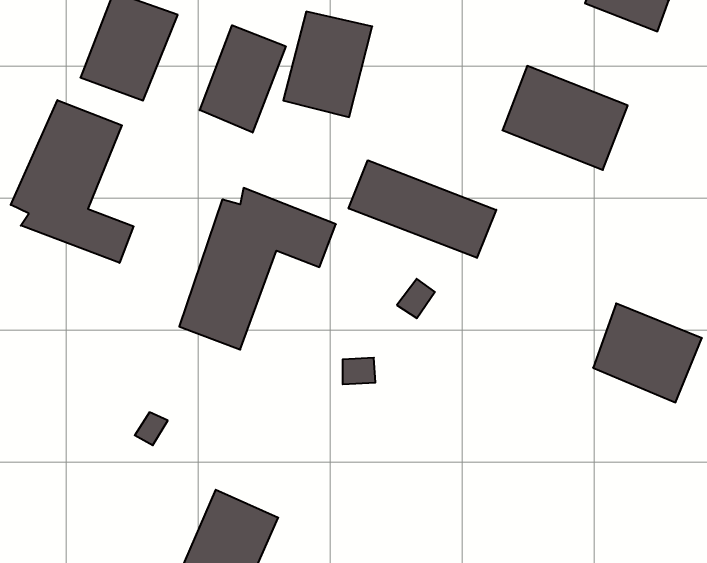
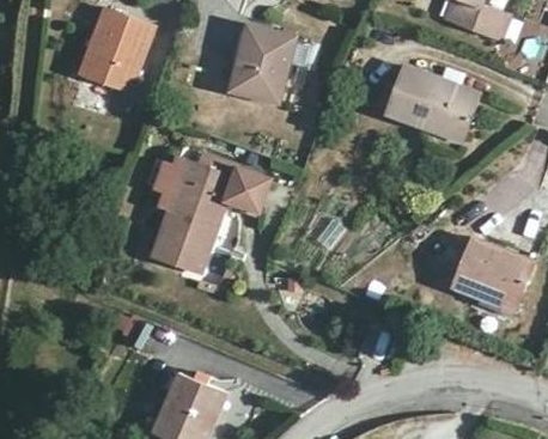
building: [200,25,286,133] -> none
building: [11,100,134,263] -> none
building: [349,160,496,258] -> none

